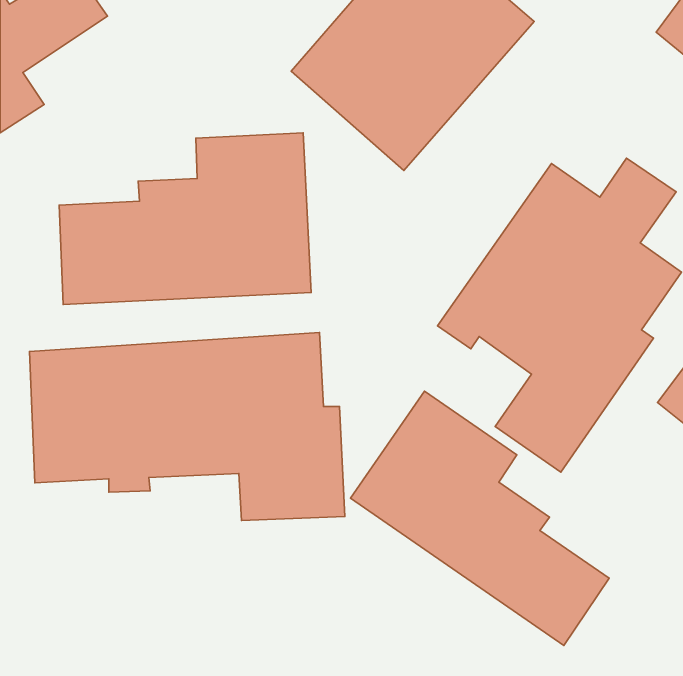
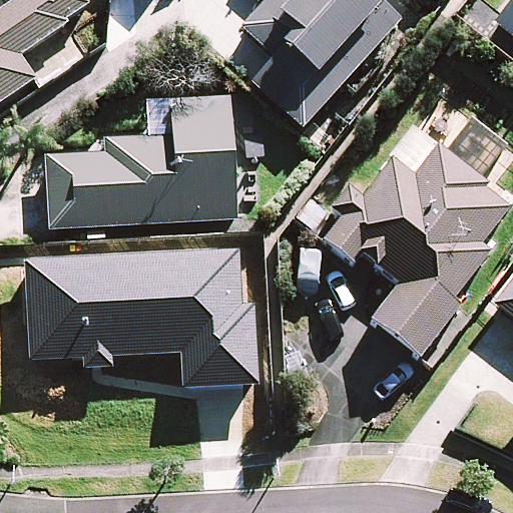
building: [350,391,609,645] -> none

